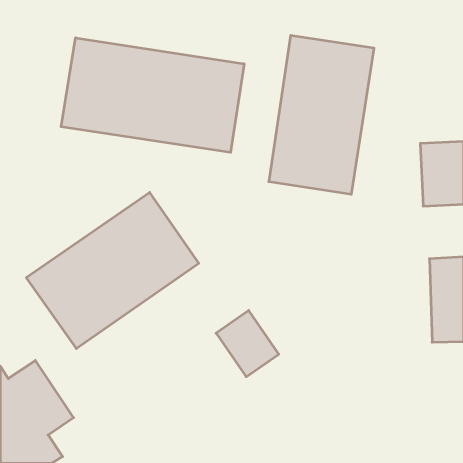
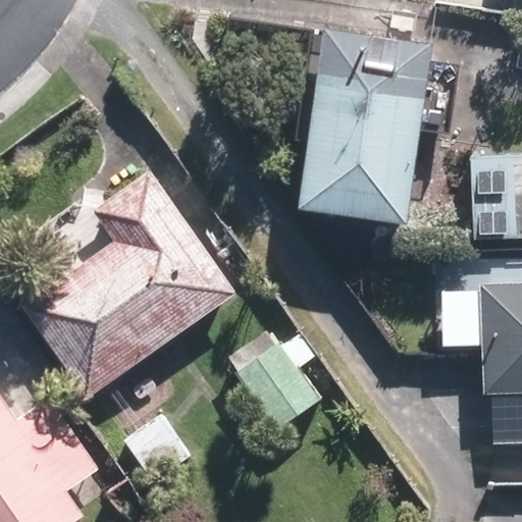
building: [61,38,244,152] -> none

